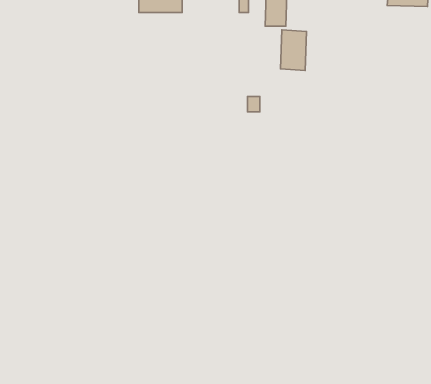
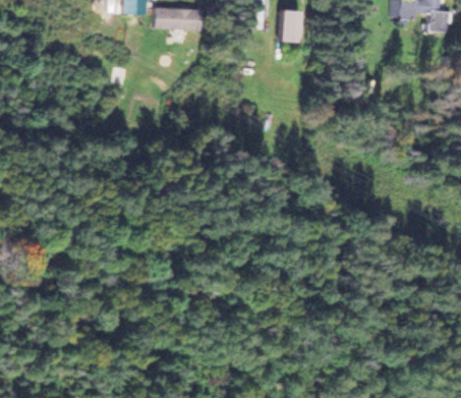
building: [281,30,307,70] -> none

